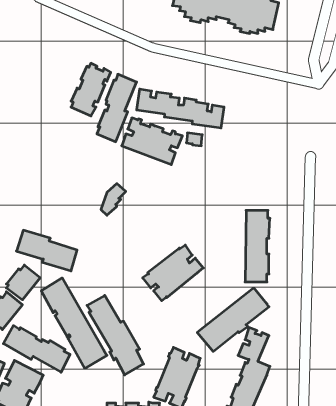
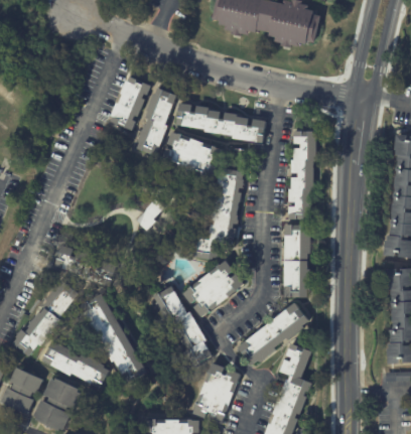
building: none -> [289,131,316,220]
building: none -> [191,169,245,259]
building: [87,295,144,375] -> [154,287,212,368]

